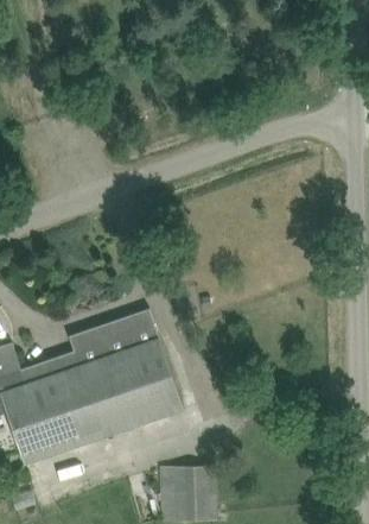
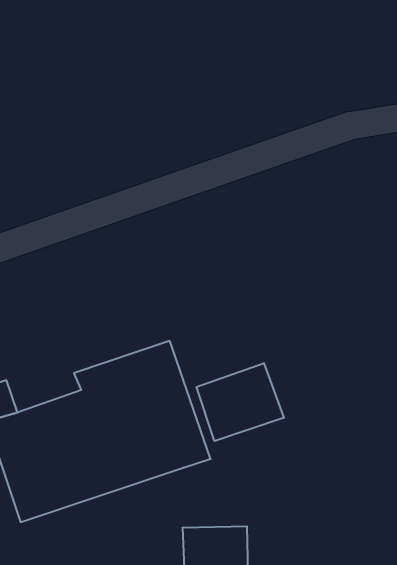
building: none -> [196,363,284,441]

